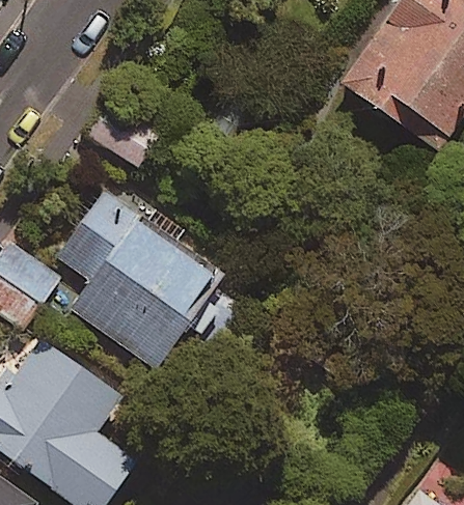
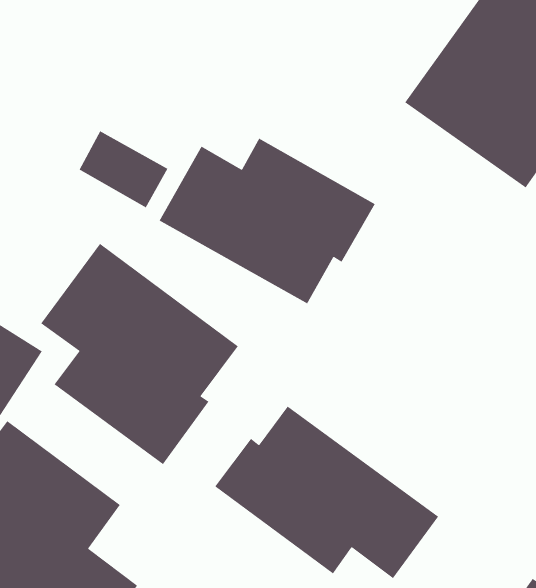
building: none -> [159,137,376,305]
building: none -> [214,405,439,579]

